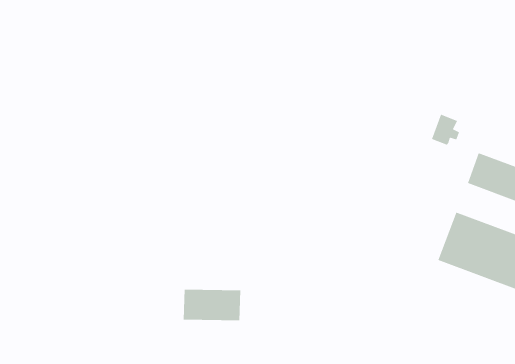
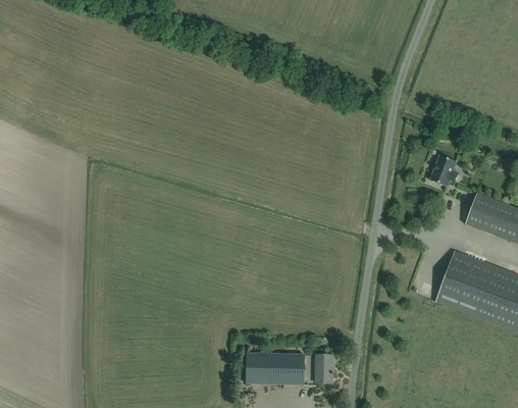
building: [183,289,241,321] -> [247,352,305,384]
building: none -> [316,354,333,381]

